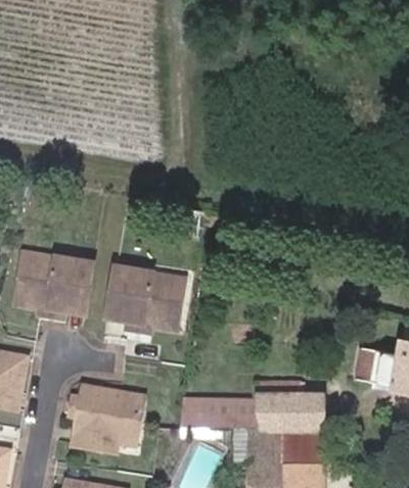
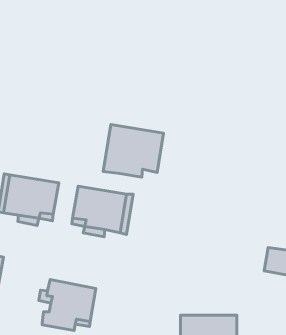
building: none -> [103,124,163,177]
building: [178,380,320,430] -> none

